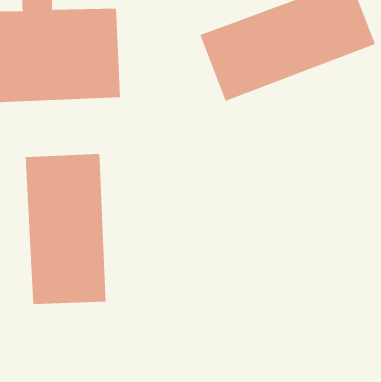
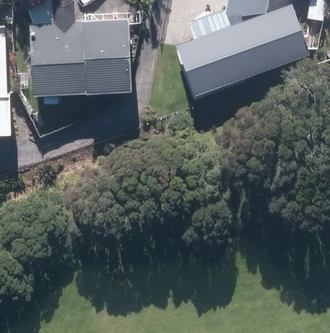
building: [25,153,106,305] -> none

